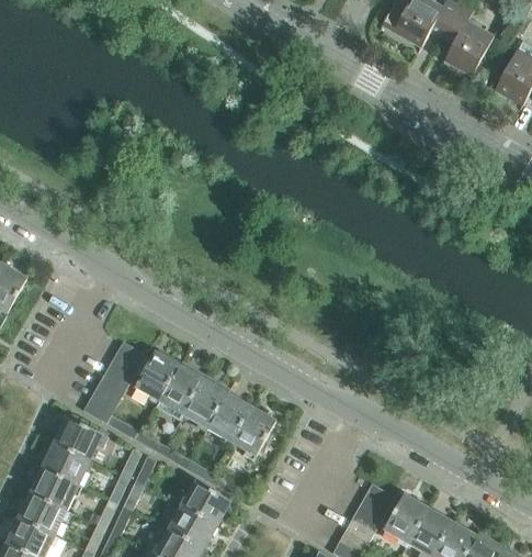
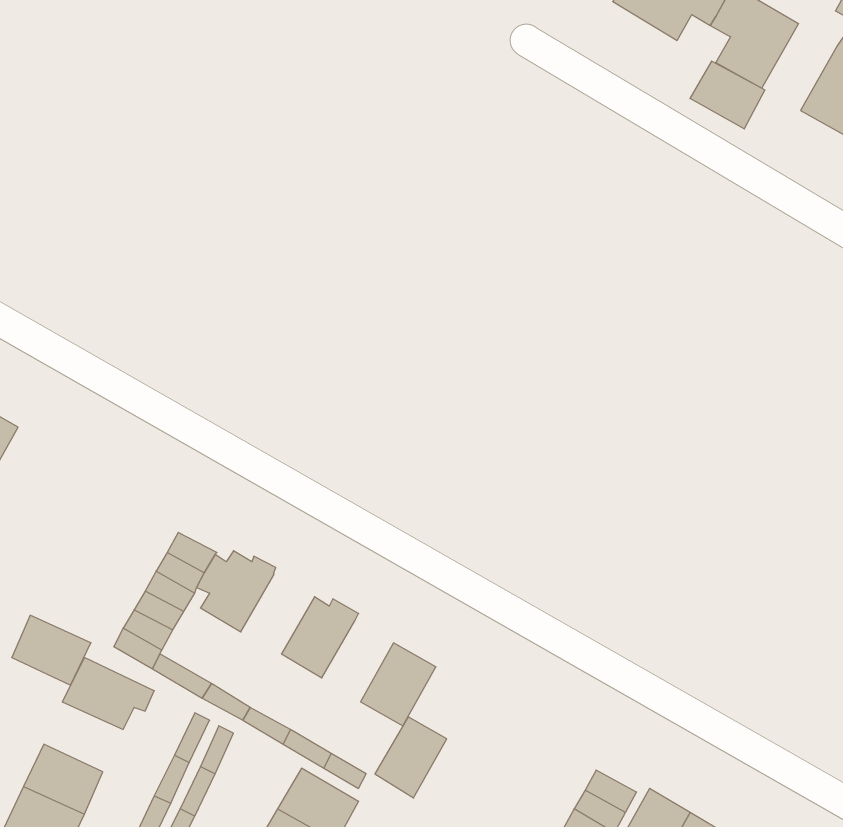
building: none -> [690,61,765,129]
building: [157,367,206,421] -> none
building: [208,394,251,443] -> [375,717,447,798]
building: [43,443,90,484] -> [12,615,91,685]

